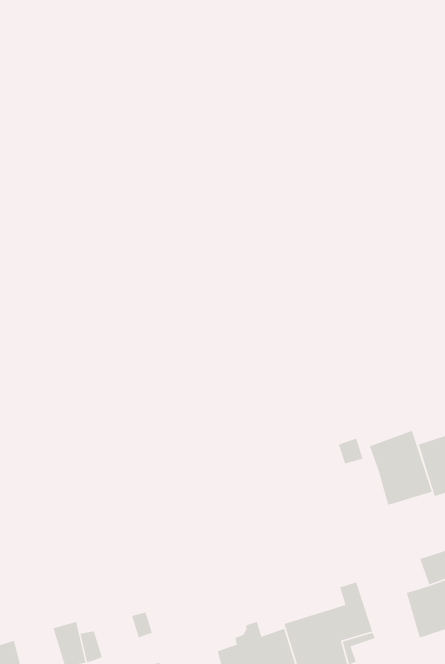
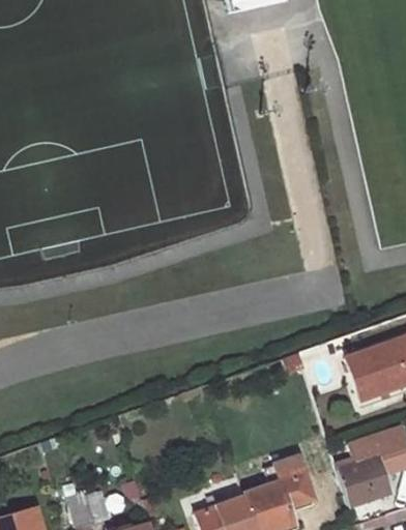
building: [369,430,433,505] -> none

